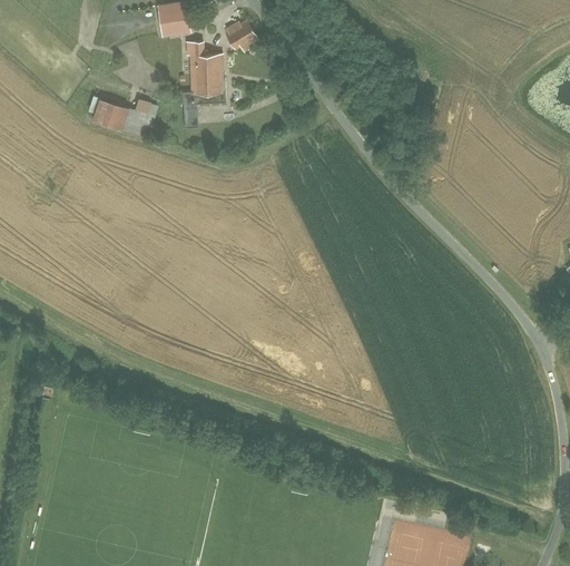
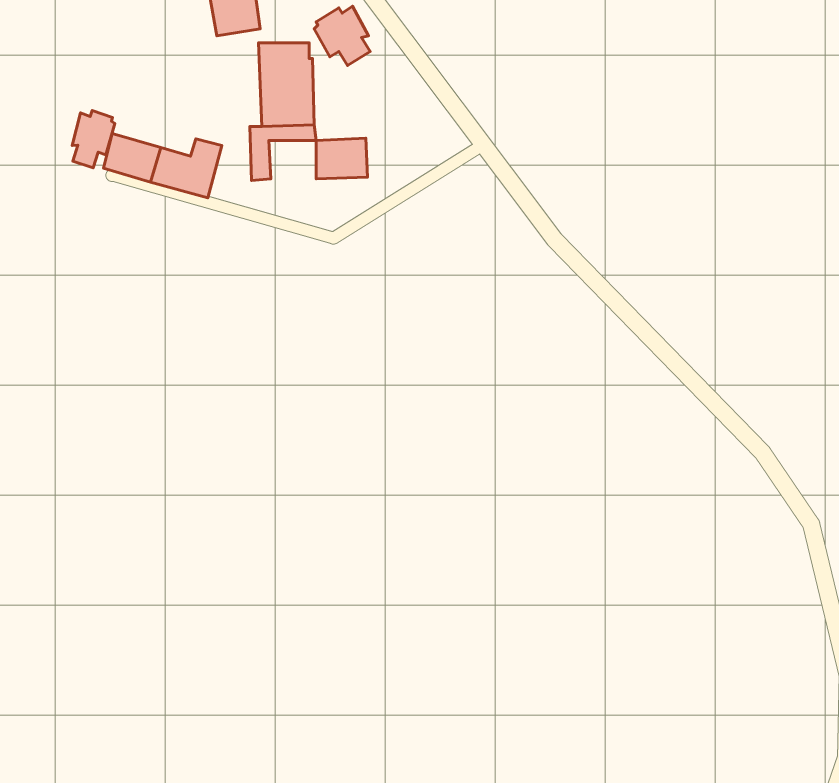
building: none -> [72,111,115,168]
building: none -> [316,138,368,179]

